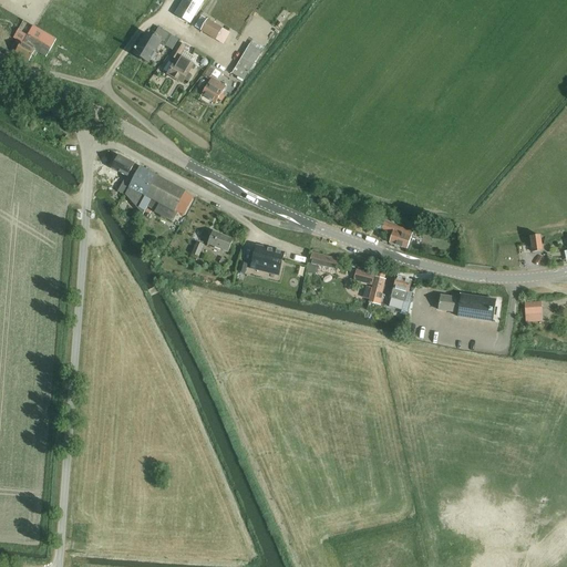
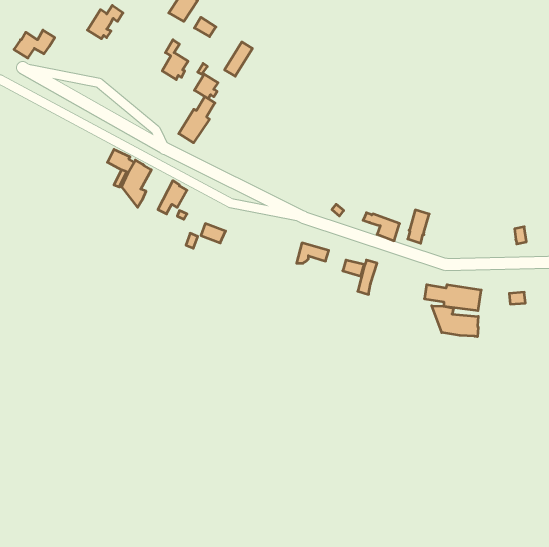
building: [133,27,169,61] -> [87,5,123,39]
building: none -> [179,97,215,143]
building: [145,174,178,216] -> none
building: [250,245,284,270] -> none
building: [389,275,411,309] -> [408,210,429,243]
building: none -> [432,306,478,337]

